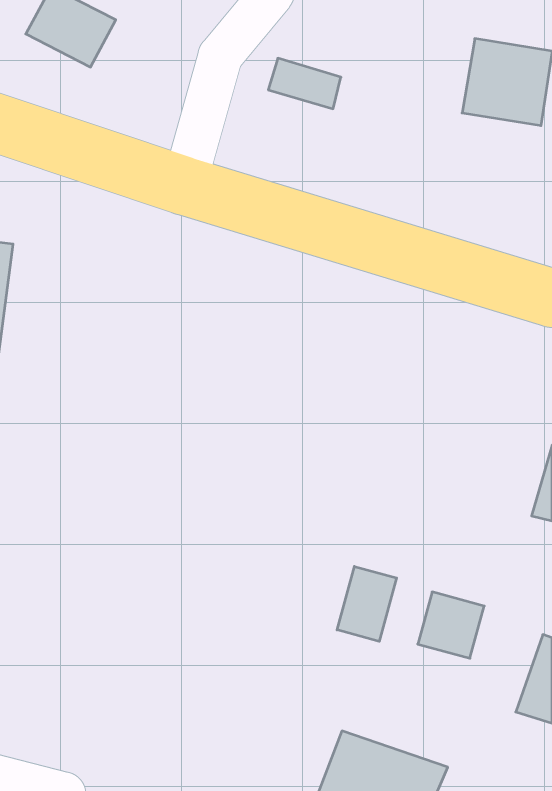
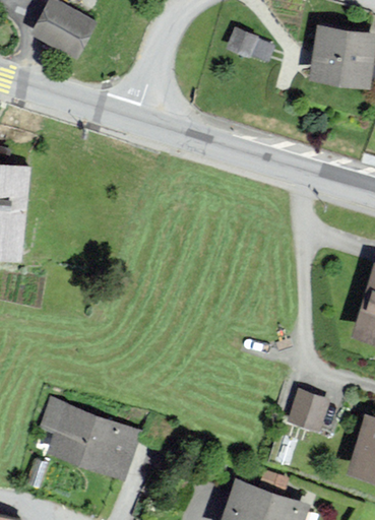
building: [268,58,341,109] -> [225,28,271,61]
building: [337,566,397,641] -> none
building: none -> [43,402,134,473]

